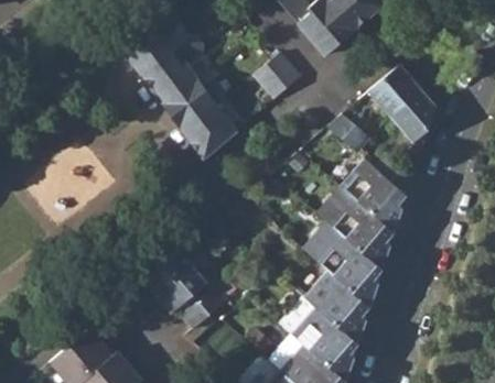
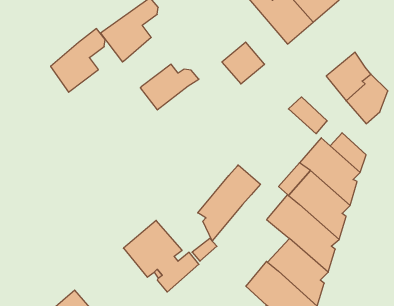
building: [143,33,204,103] -> [51,29,105,92]
building: [181,102,236,160] -> none
building: none -> [198,165,260,241]

